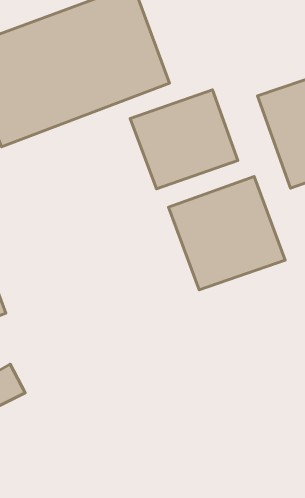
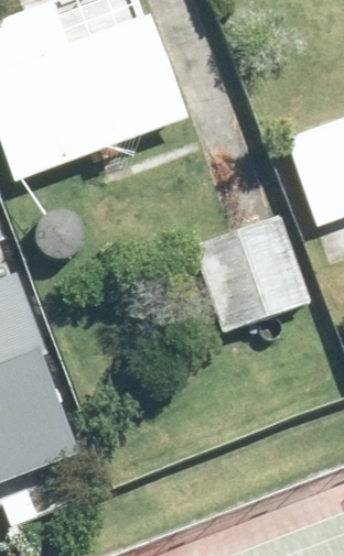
building: [130,90,238,189] -> none

